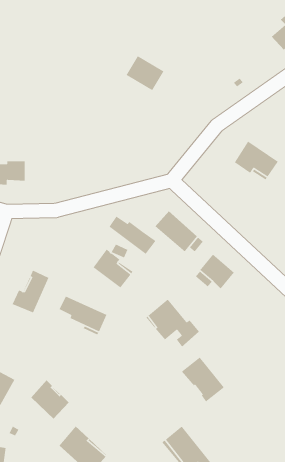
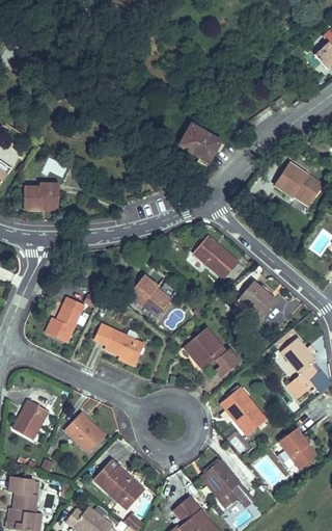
building: [125,55,164,91] -> [178,124,219,161]
building: [108,215,156,255] -> none
building: none -> [280,337,321,398]
building: none -> [278,427,317,470]

